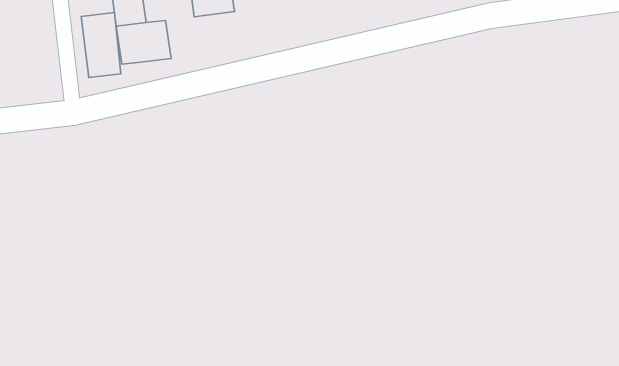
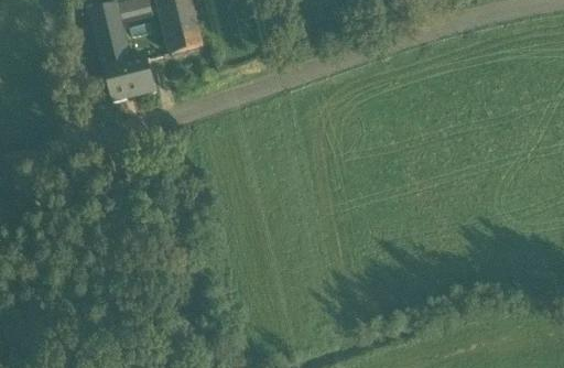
building: [81,12,121,78] -> none

